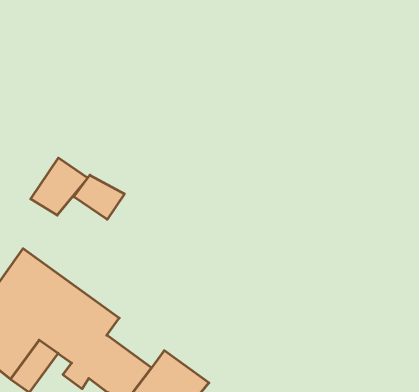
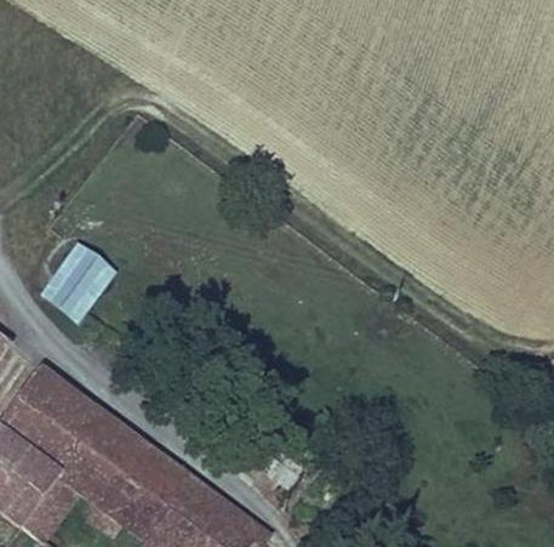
building: [74,175,124,219] -> none
building: none -> [141,449,213,512]

